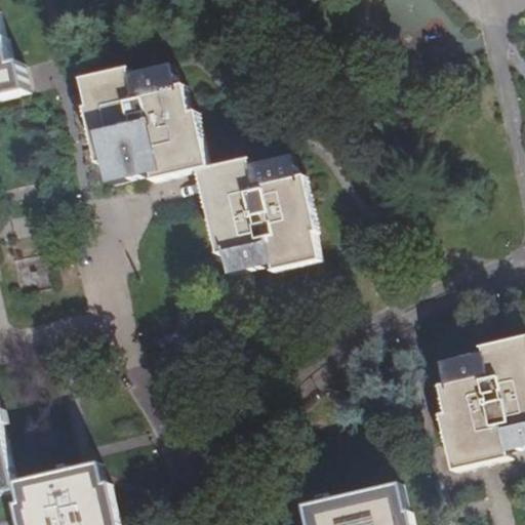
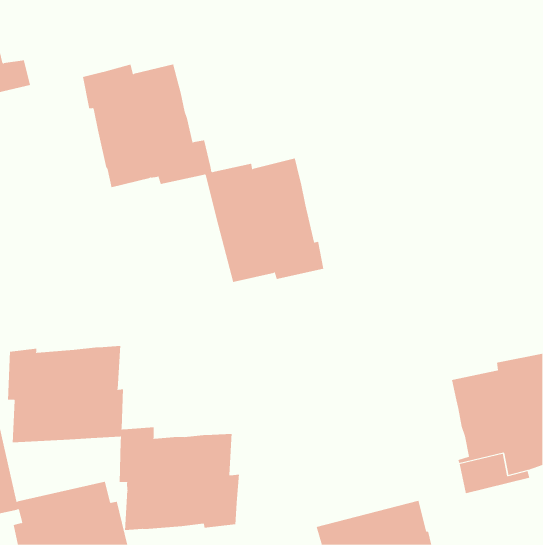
building: none -> [8,345,240,531]

